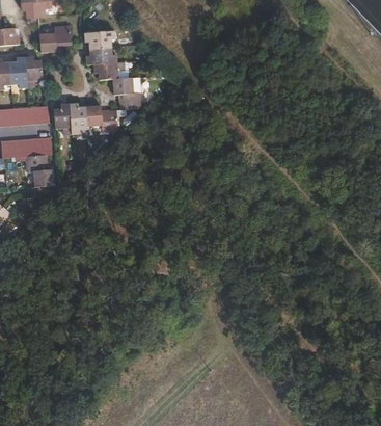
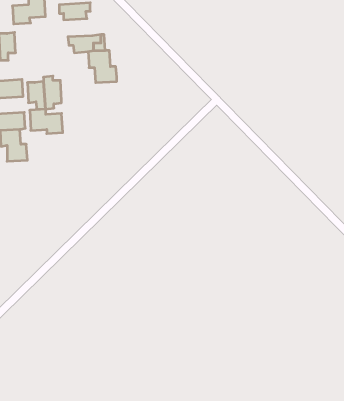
building: [85,47,116,65] -> none
building: [85,106,117,130] -> [30,109,63,134]

